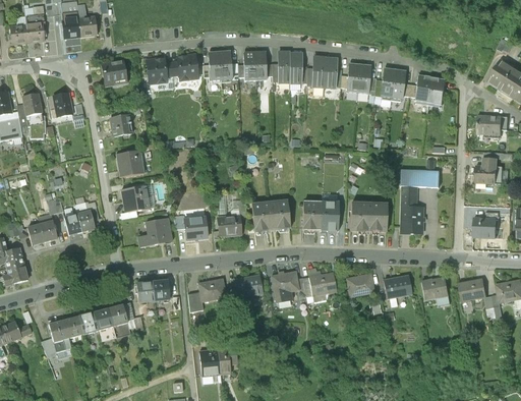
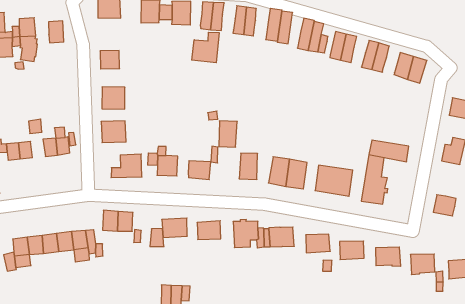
building: none -> [192,32,219,63]
building: [250,203,271,231] -> [219,121,237,147]

